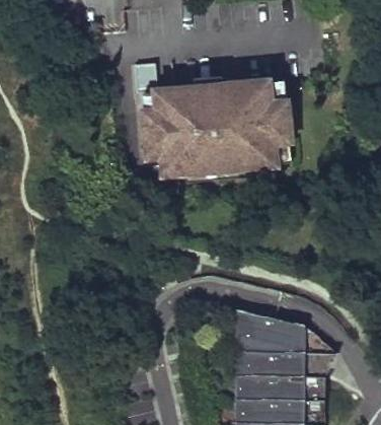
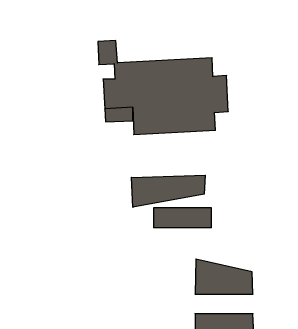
building: none -> [131,175,205,207]
building: [240,361,309,384] -> [154,208,211,228]

